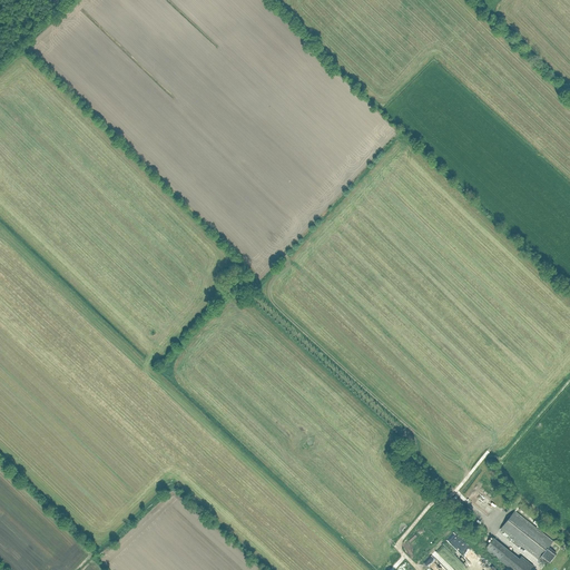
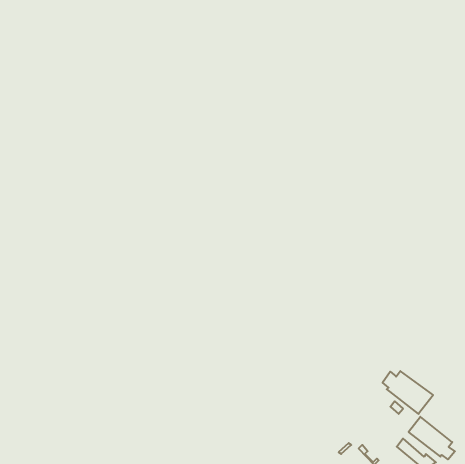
building: none -> [383,371,433,414]

